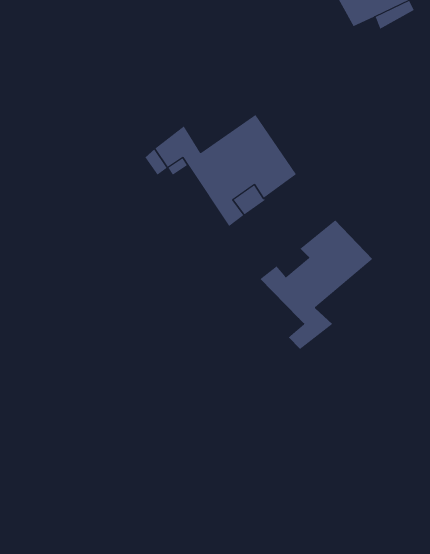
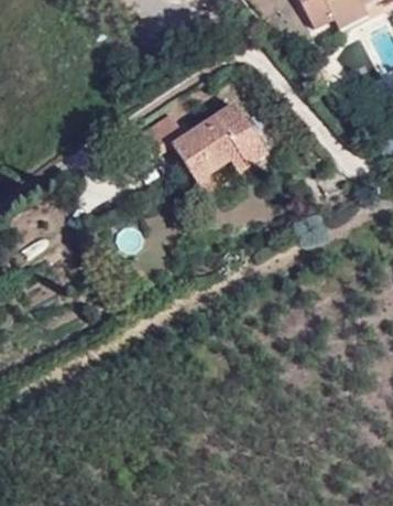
building: [260,219,373,350] -> none

